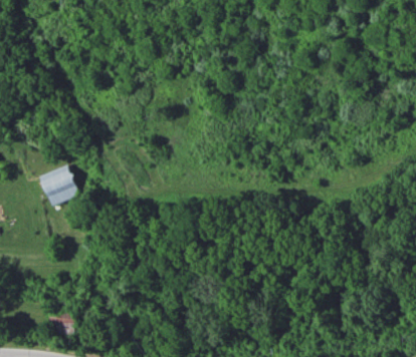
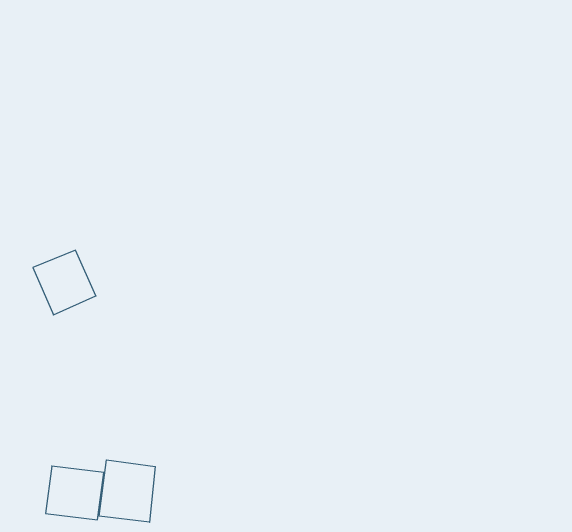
building: none -> [99,460,155,522]

